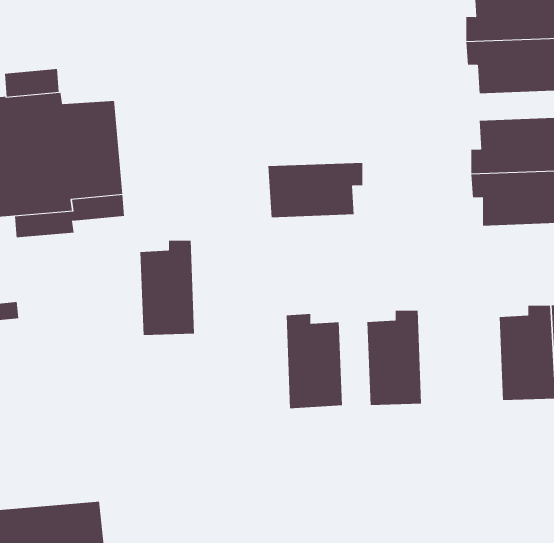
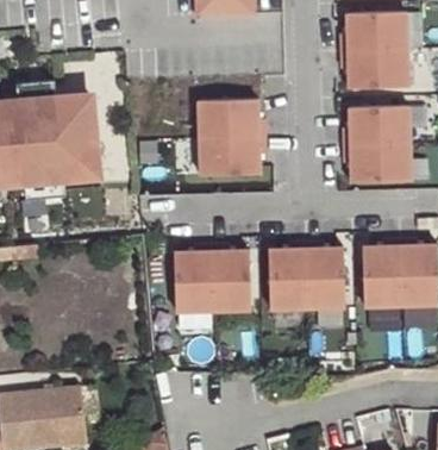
building: none -> [198,106,267,146]
building: [140,240,195,336] -> [175,252,214,320]
building: none -> [306,248,346,315]

